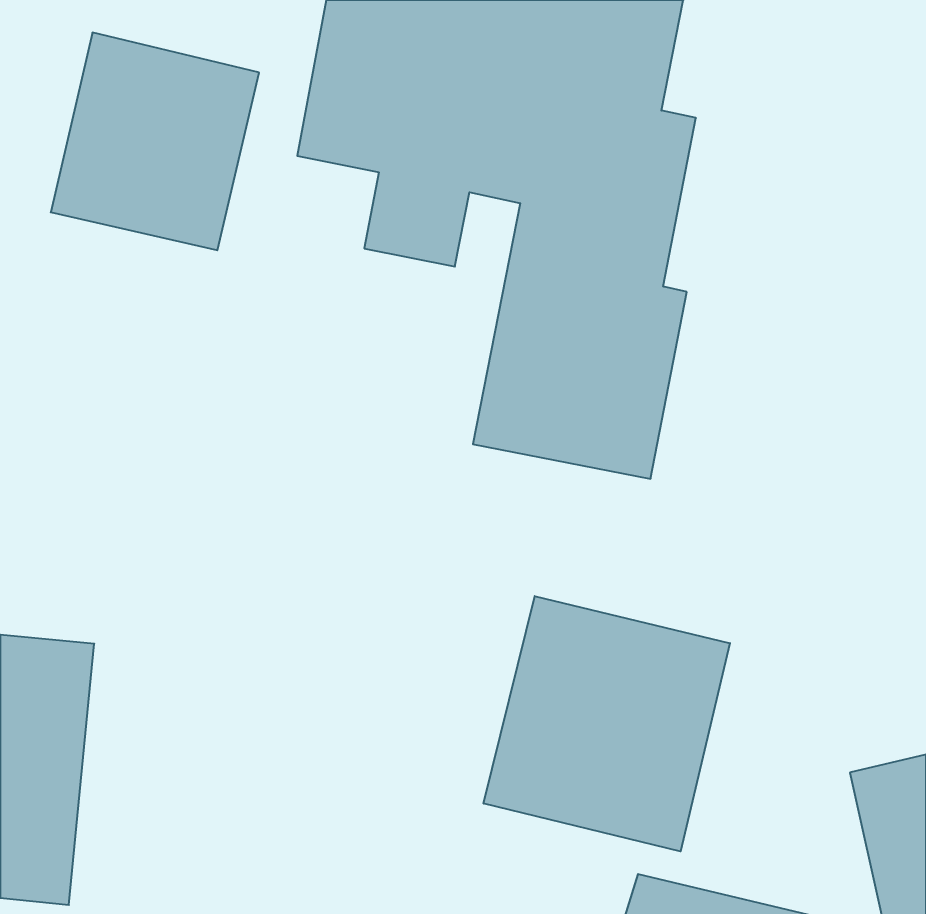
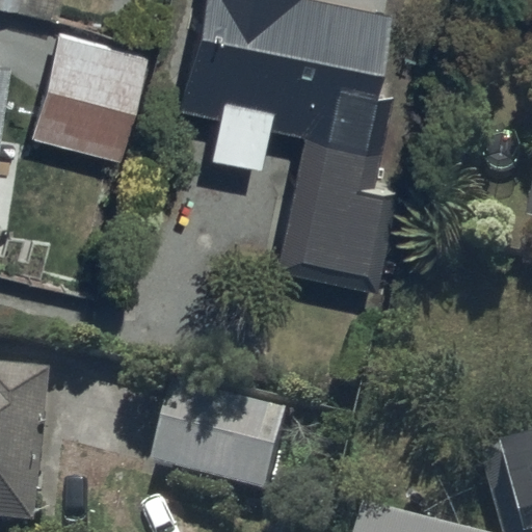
building: [484,596,730,851] -> none
building: none -> [153,382,288,497]

